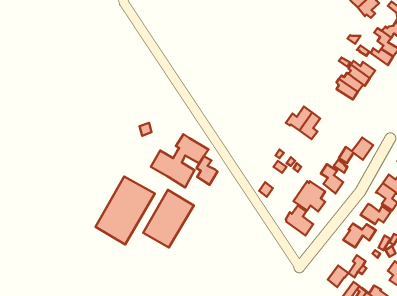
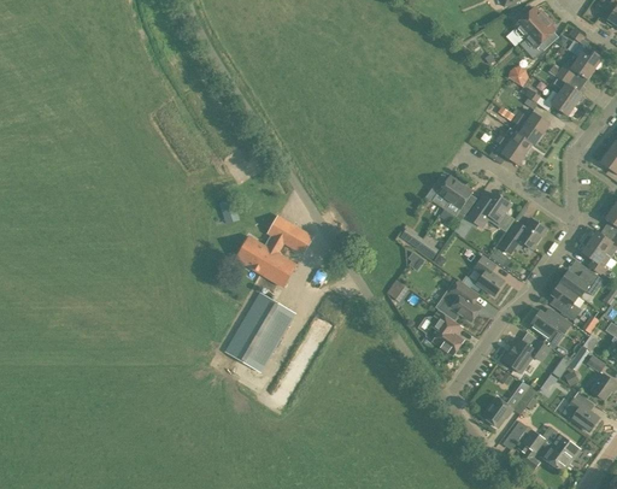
building: none -> [466,193,513,230]
building: [196,156,218,185] -> none
building: [96,176,155,244] -> none

